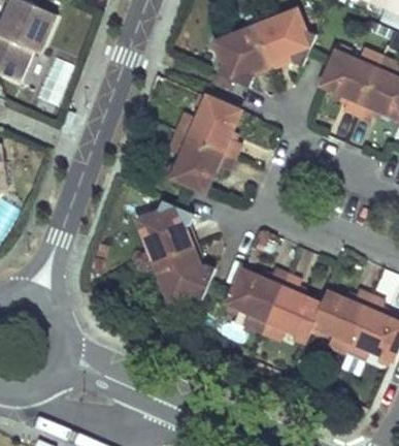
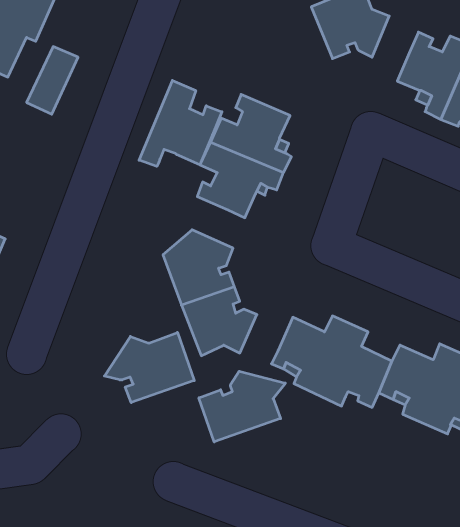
building: [215,26,272,86] -> none
building: none -> [139,80,222,166]
building: none -> [104,332,194,403]
building: none -> [199,371,285,442]

